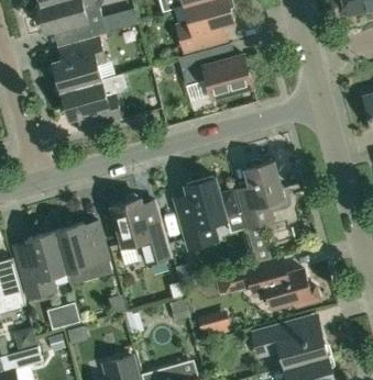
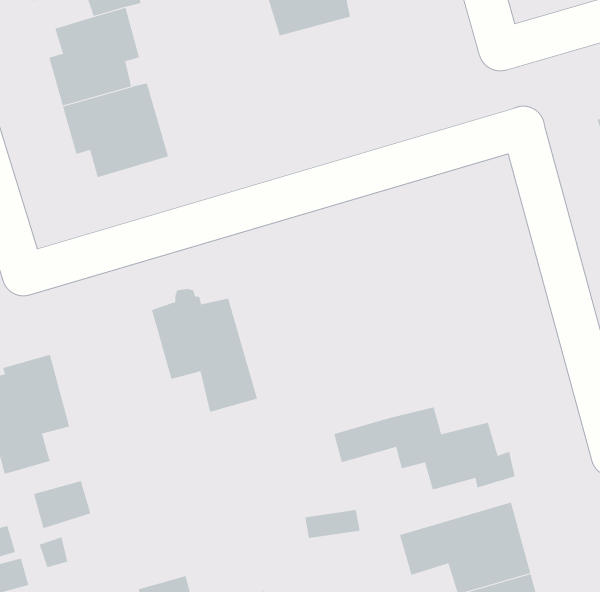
building: [178,49,255,98] -> none
building: [235,159,292,228] -> none
building: [174,178,238,248] -> none
building: [55,222,113,286] -> none

